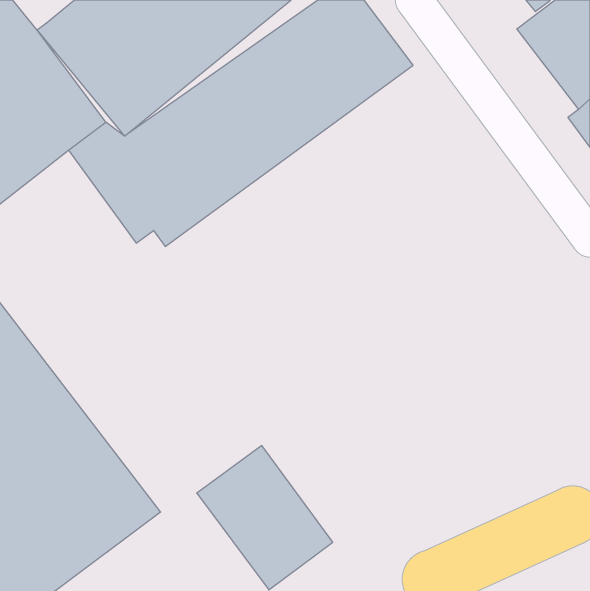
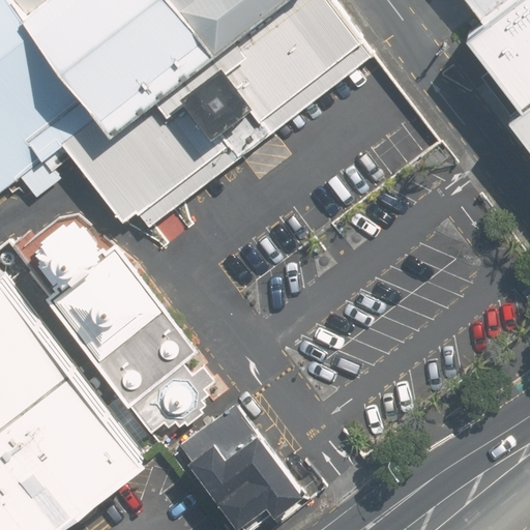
building: none -> [29,217,214,430]

